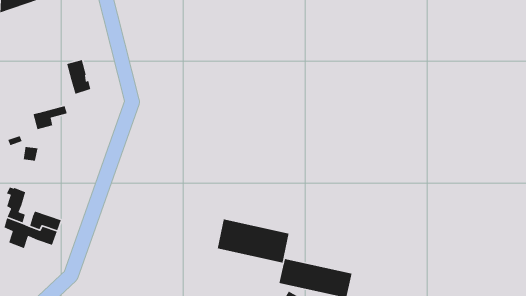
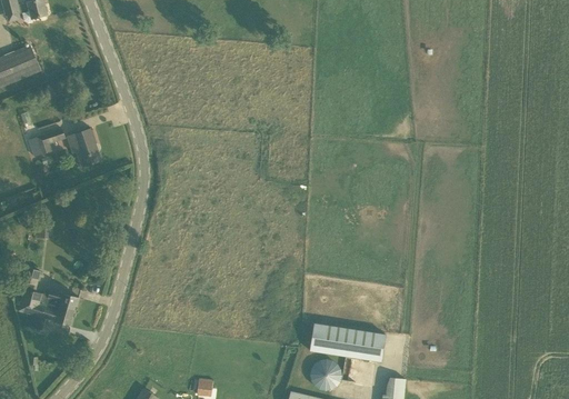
building: [33,105,68,130] -> [29,129,66,157]
building: [217,219,289,263] -> none

